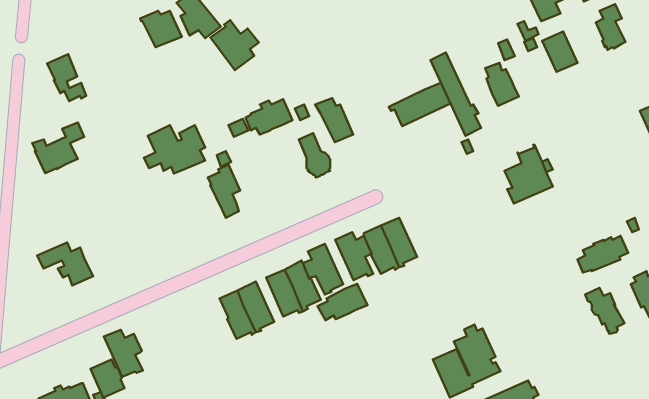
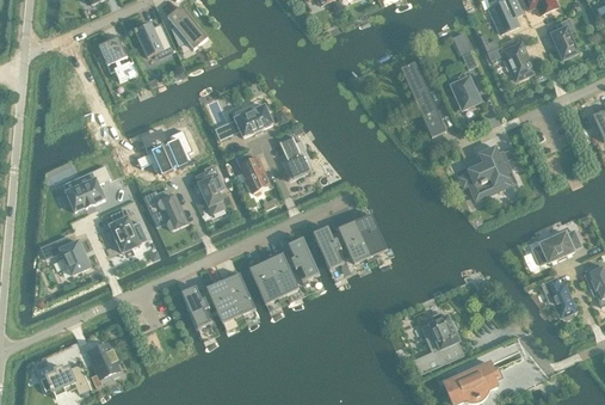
building: [210,20,259,70] -> none
building: [47,54,86,101] -> [98,36,134,79]
building: [389,83,451,126] -> none
building: [315,98,353,142] -> [234,151,268,191]
building: [32,122,84,173] -> [62,165,110,211]
building: none -> [144,188,187,229]
building: none -> [109,208,147,251]
building: [317,284,368,320] -> none
building: [104,330,143,377] -> [179,286,215,329]

